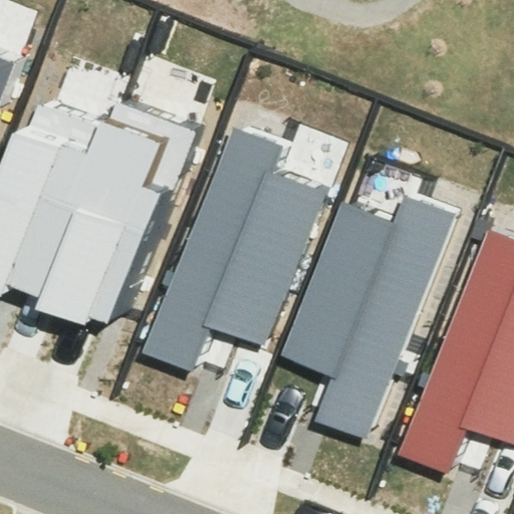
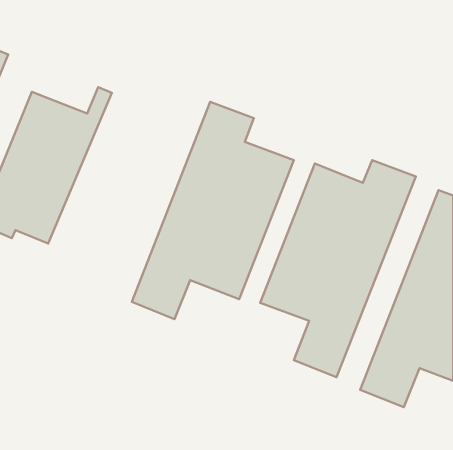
building: [53,118,185,310] -> none

